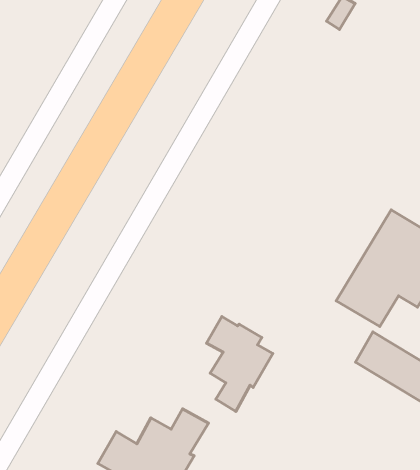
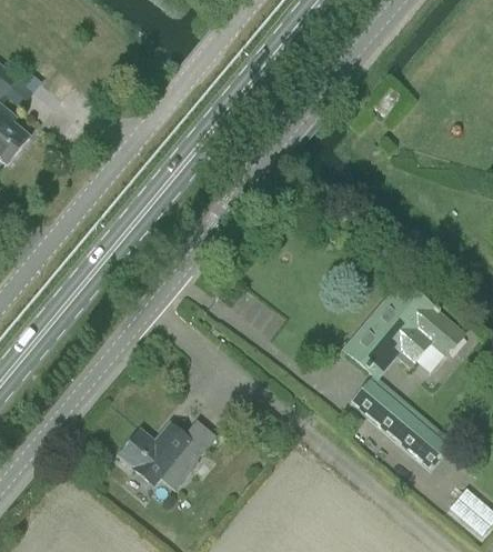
building: [207,317,273,411] -> none

